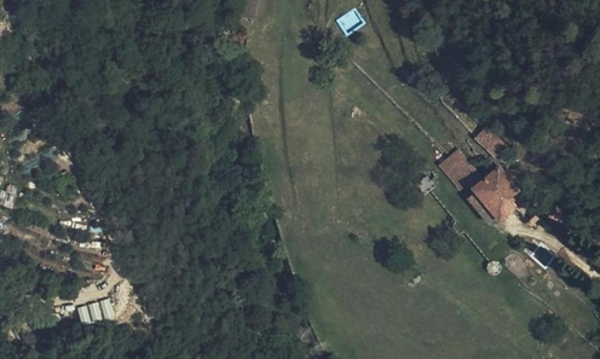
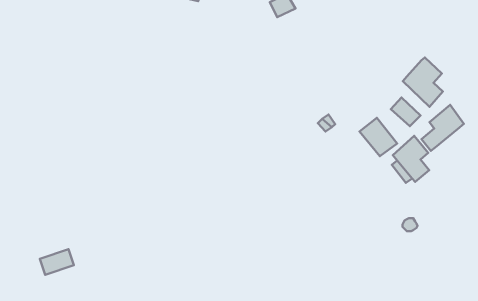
building: none -> [403,58,443,107]
building: none -> [422,105,464,151]

